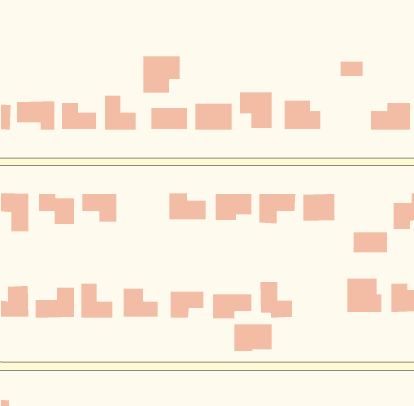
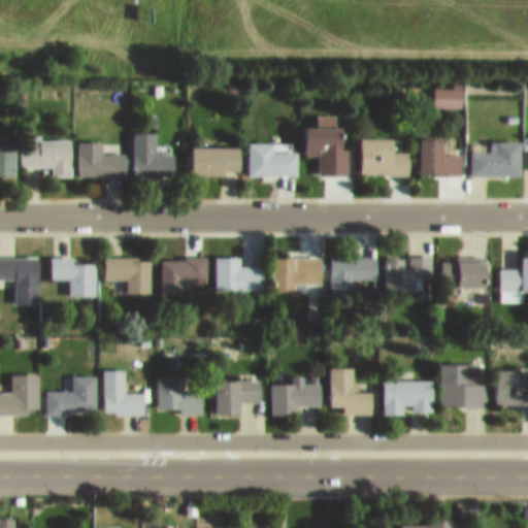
building: [143,56,180,93] -> none
building: none -> [421,139,461,175]
building: none -> [161,259,206,295]
building: [353,232,388,253] -> [442,261,487,288]
building: [234,324,273,352] -> [385,382,434,417]

